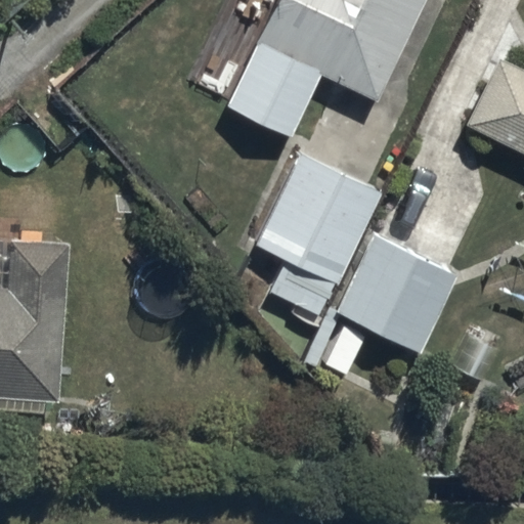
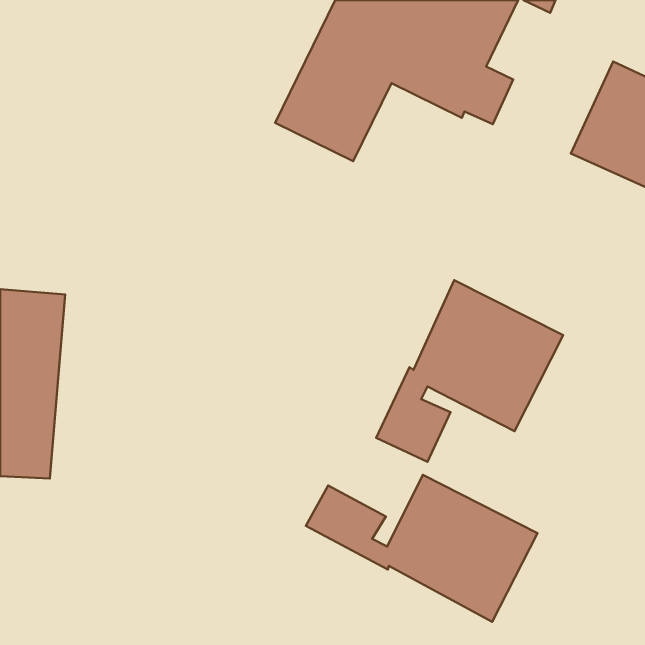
building: [260,156,379,279] -> none
building: none -> [306,475,537,622]

